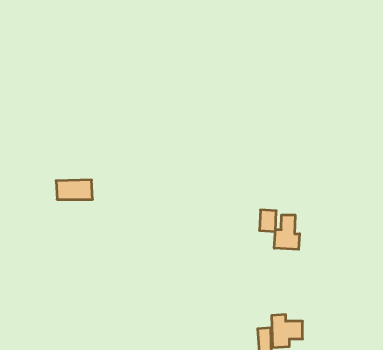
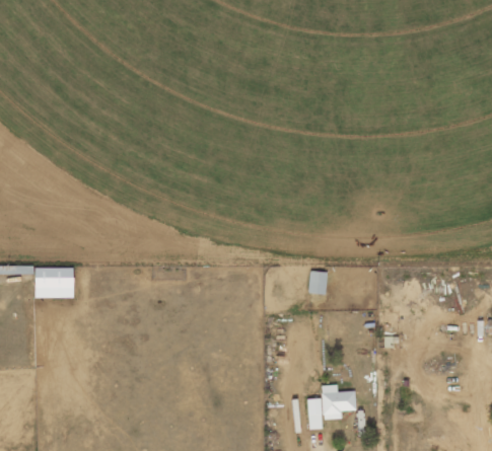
building: [56,180,93,199] -> [34,276,74,297]
building: [274,215,300,249] -> none

